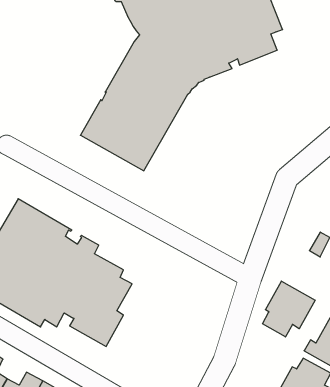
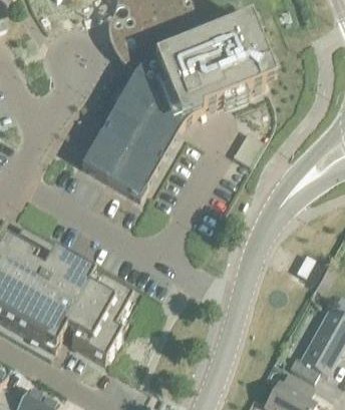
building: [263,281,315,337] -> none

